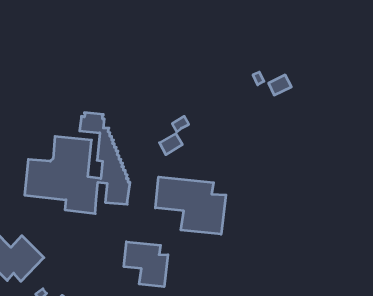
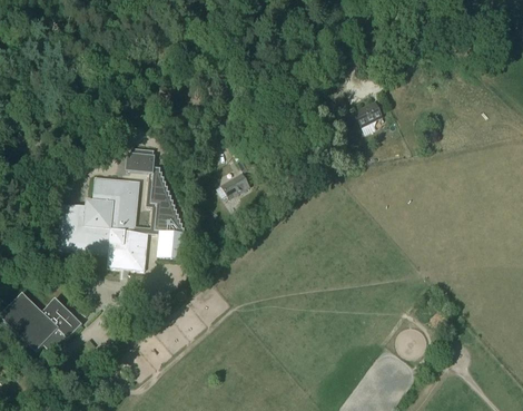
building: [155,177,226,234] -> none
building: [124,242,168,287] -> none

